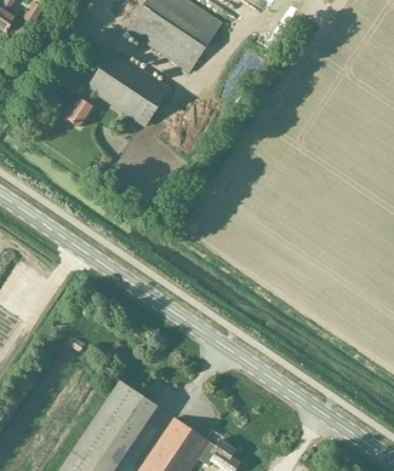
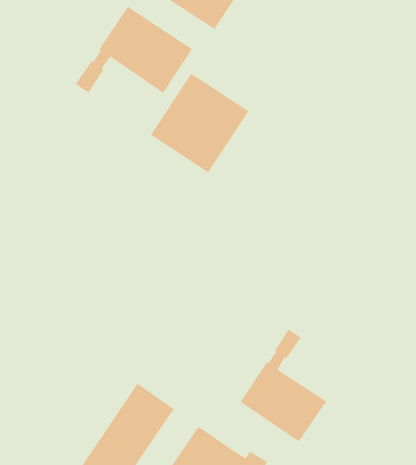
building: none -> [150,73,249,173]
building: none -> [240,329,327,442]

